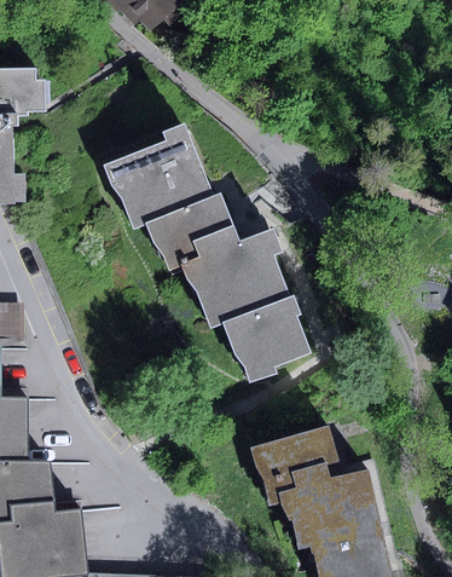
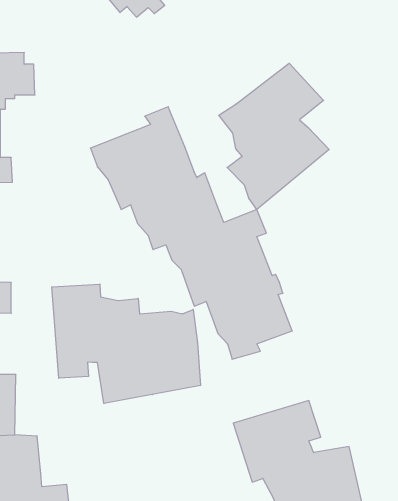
building: none -> [219,63,329,209]
building: none -> [52,284,201,404]

